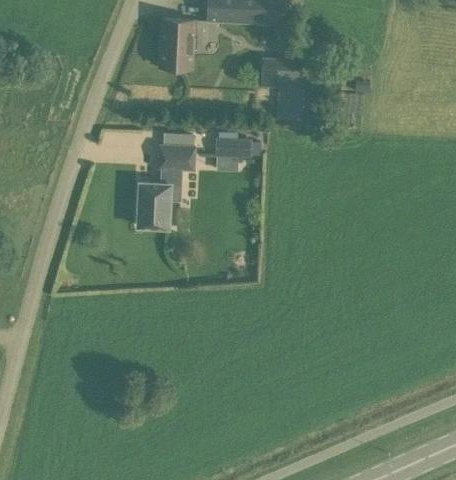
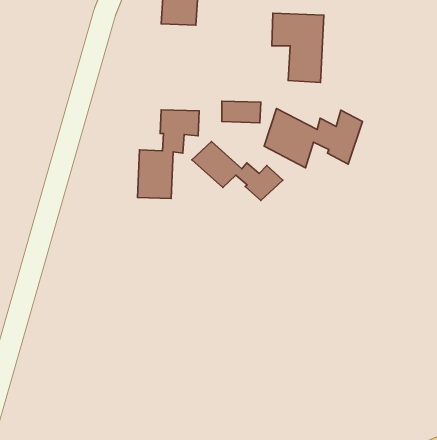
building: none -> [264,108,362,168]
building: none -> [192,142,283,201]

